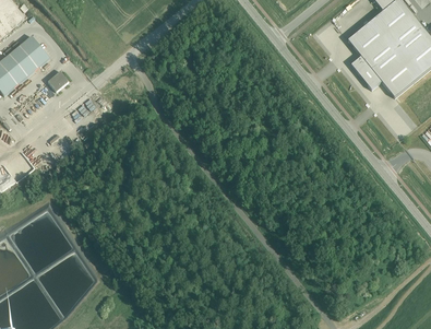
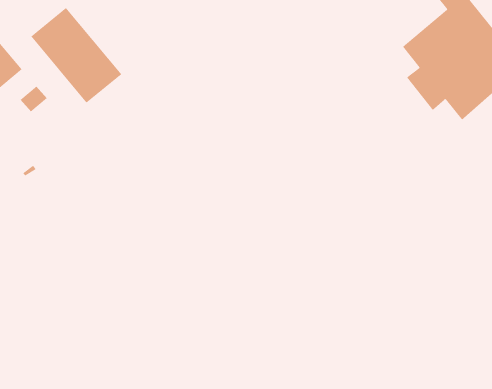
building: none -> [30,7,122,104]

